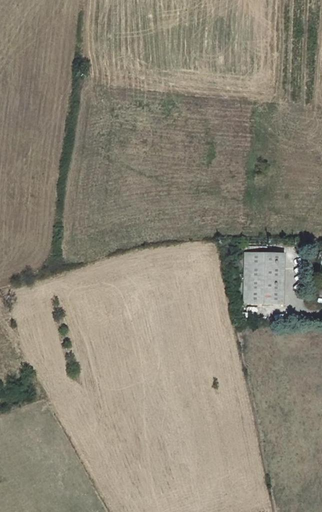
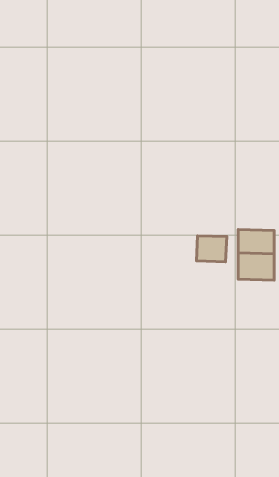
building: none -> [196,236,227,262]

